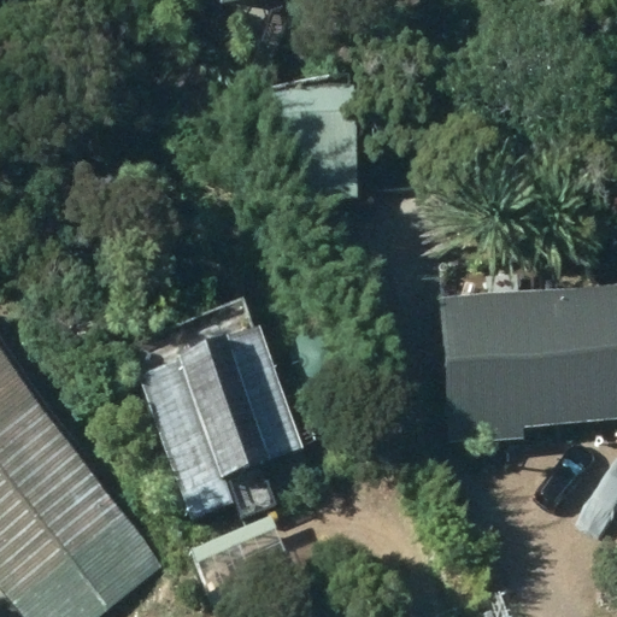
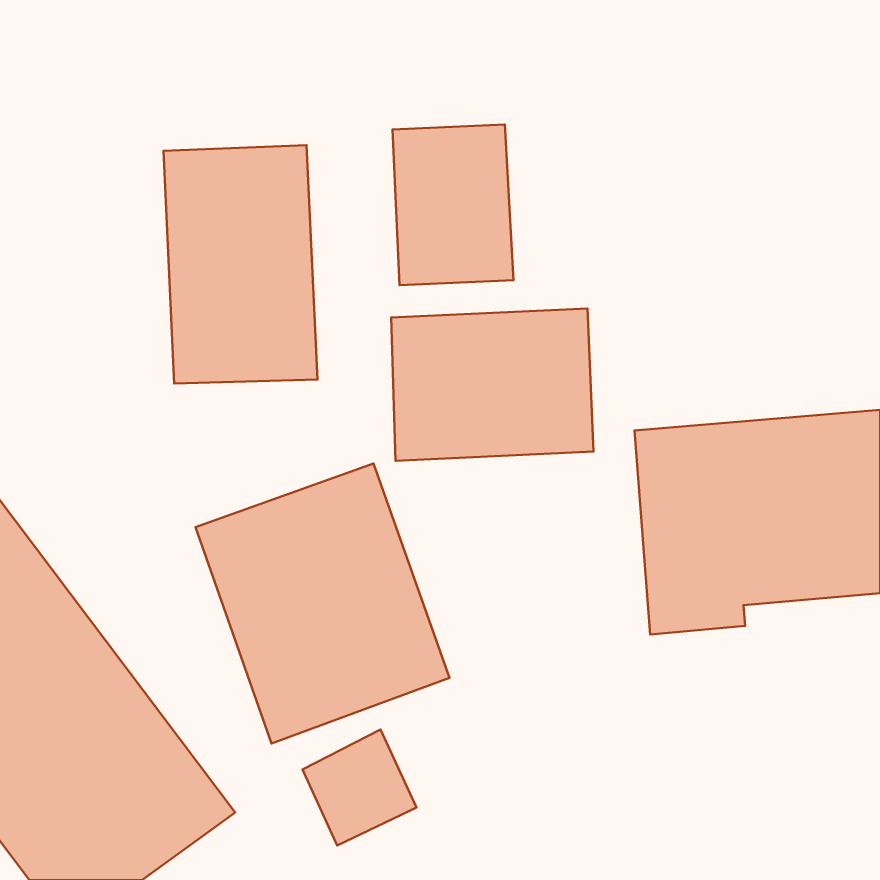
building: none -> [163,145,317,384]
building: none -> [391,309,593,461]

